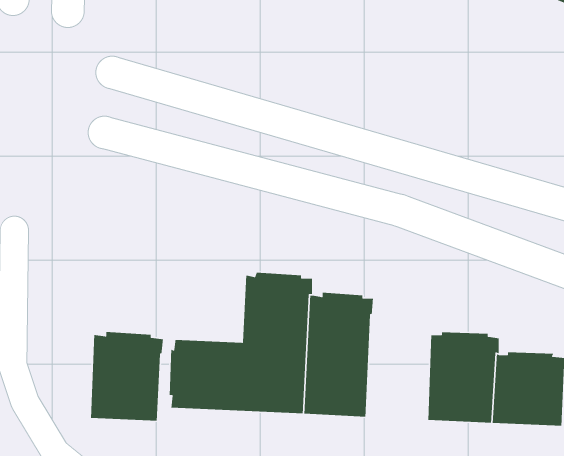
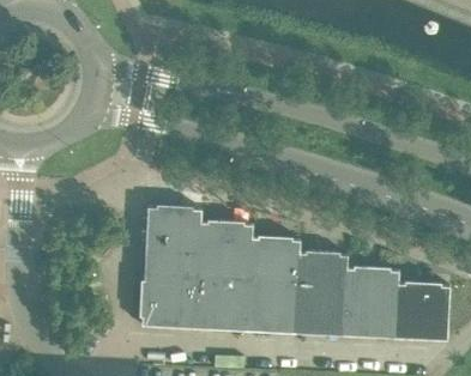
building: none -> [294,253,348,338]
building: [90,331,164,421] -> [144,206,201,277]

